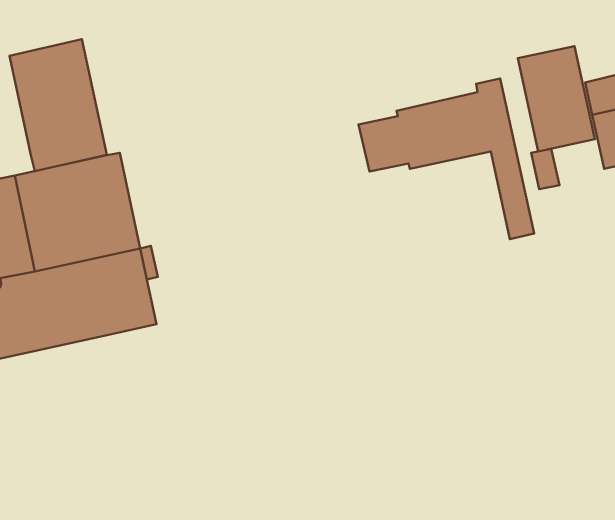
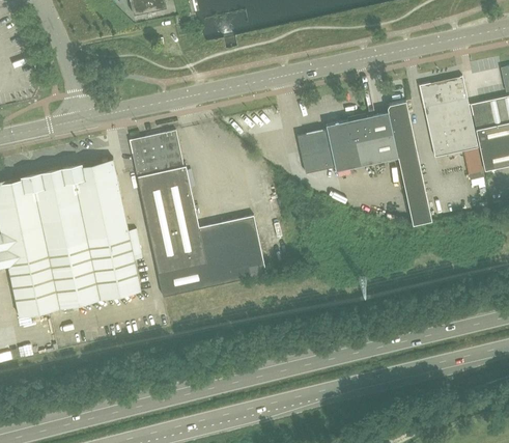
building: [10,39,107,171] -> none
building: none -> [130,131,266,298]
building: [531,149,559,189] -> [463,149,485,181]

